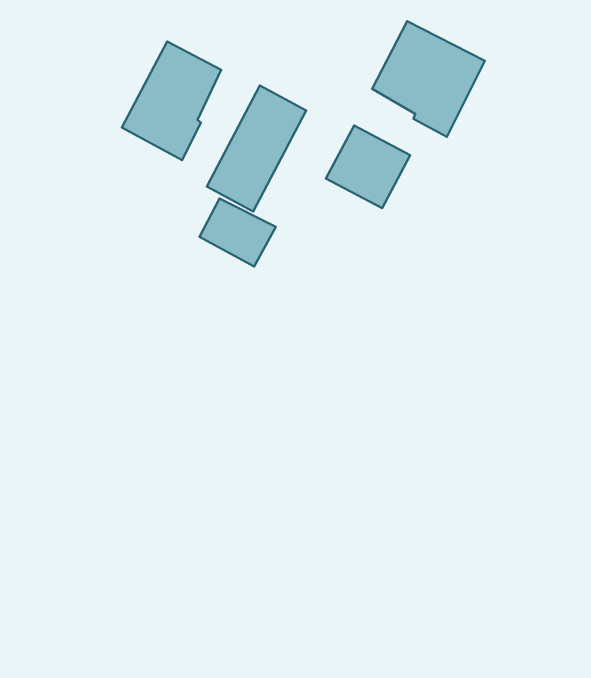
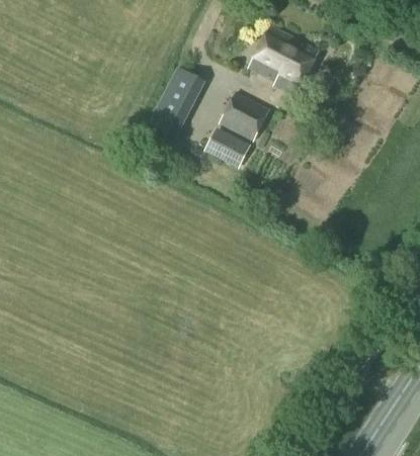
building: [122,42,221,160] -> none
building: [200,199,276,267] -> [205,126,252,168]

